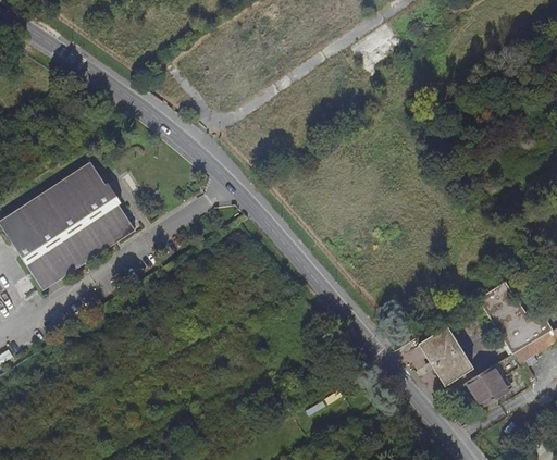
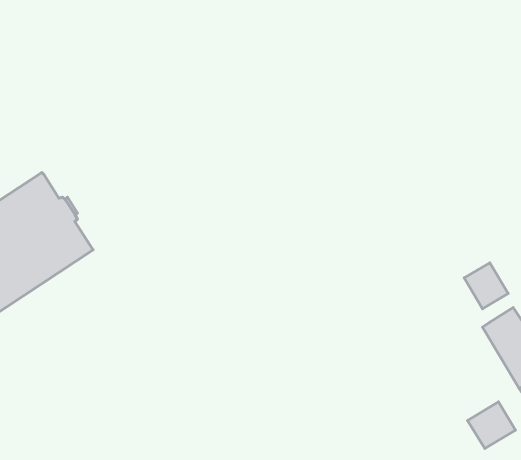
building: none -> [464,263,508,309]
building: [420,325,473,384] -> none

